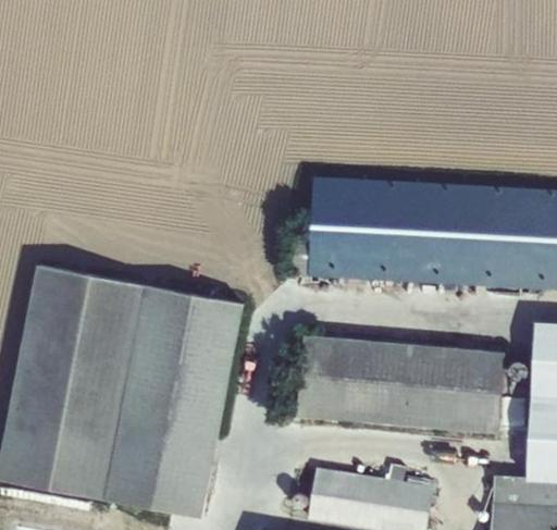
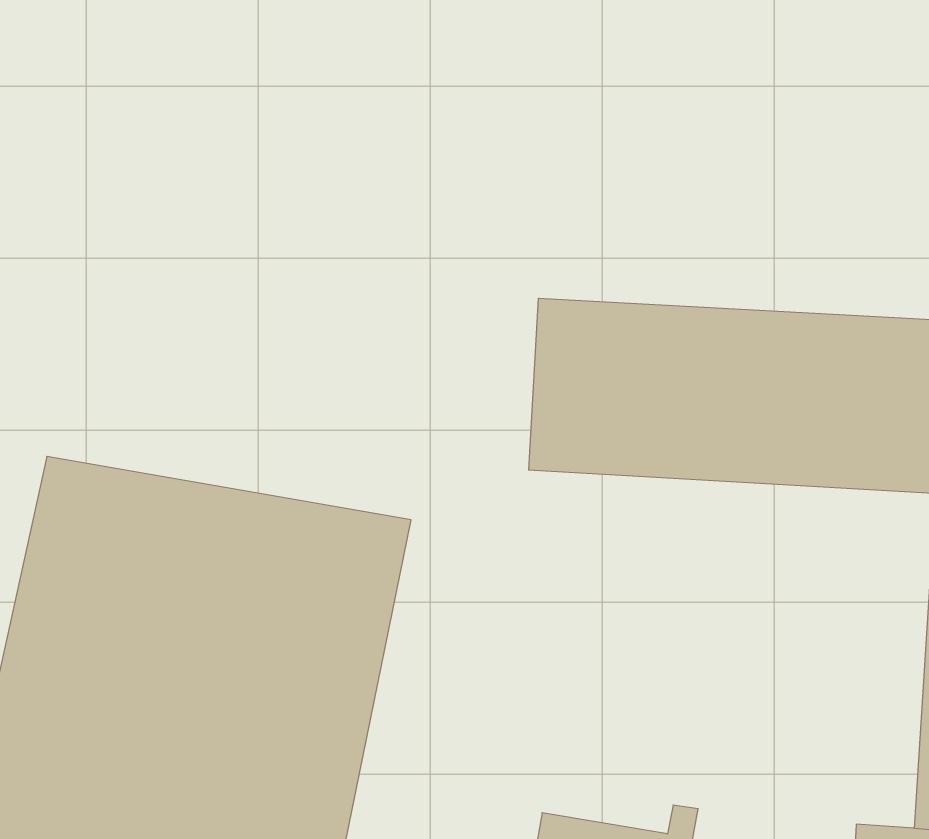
building: [299,337,505,431] -> none

